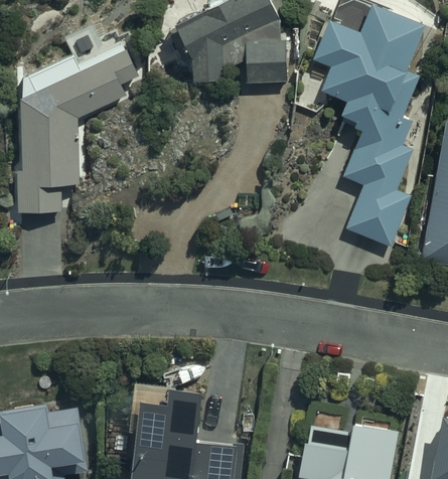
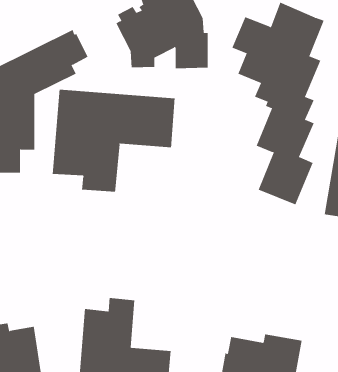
building: none -> [52,89,175,192]

